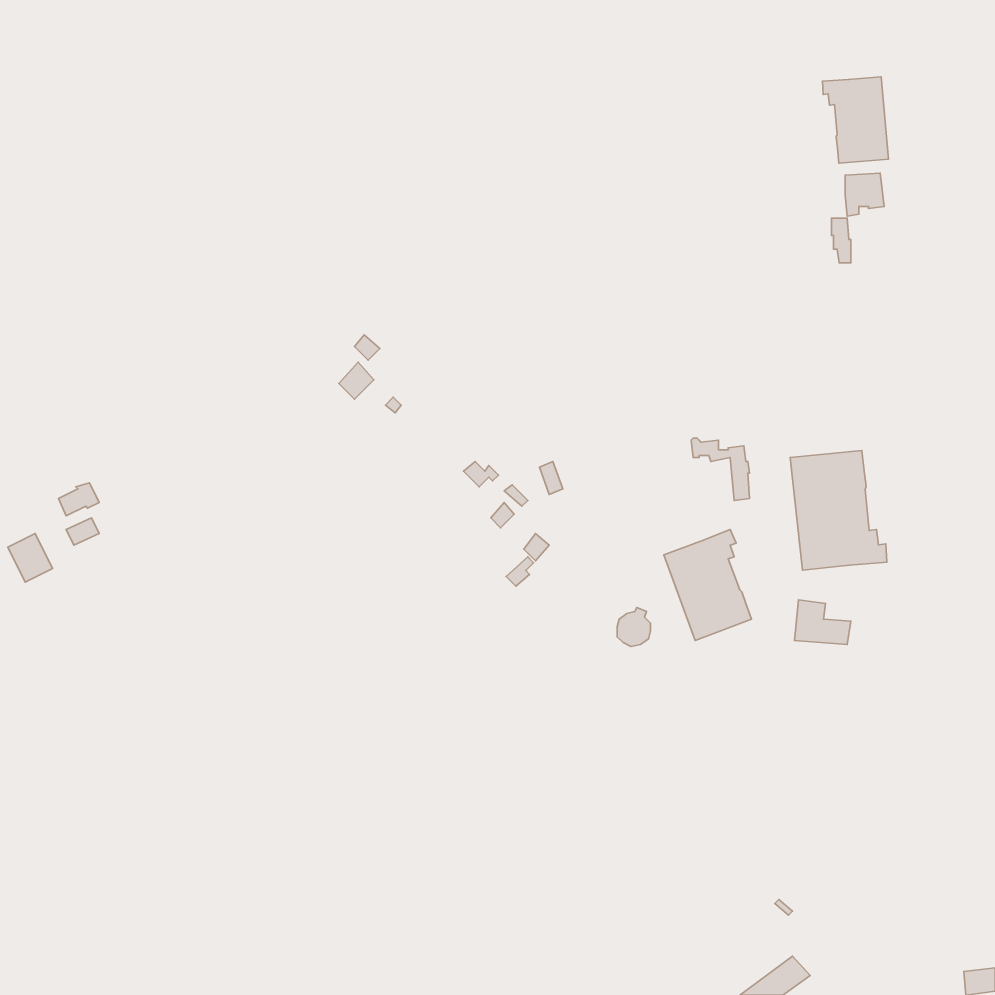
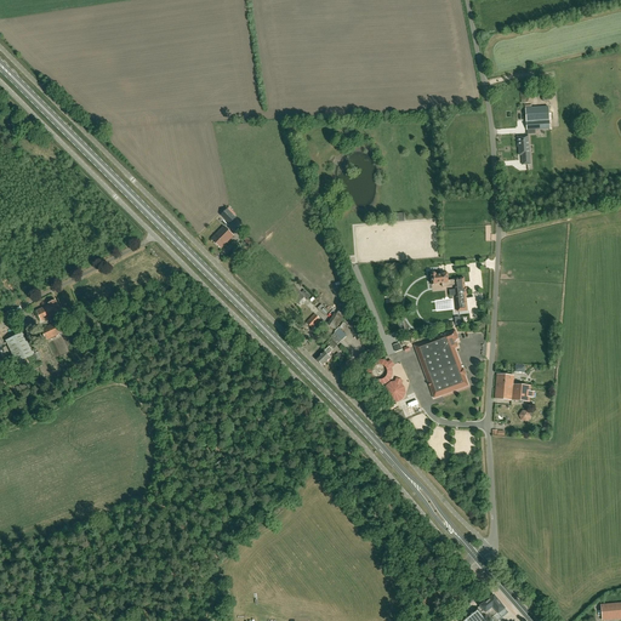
building: [823,77,889,163] -> none
building: [790,451,887,570] -> none

